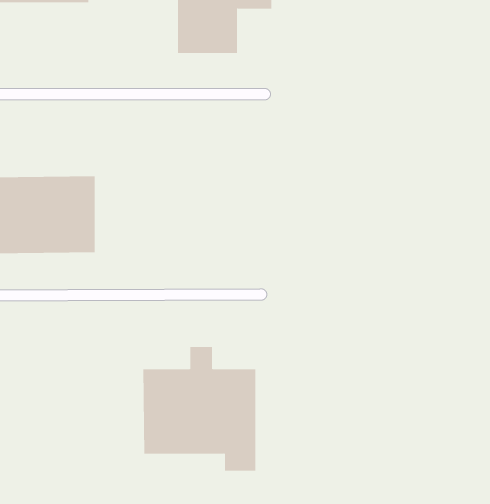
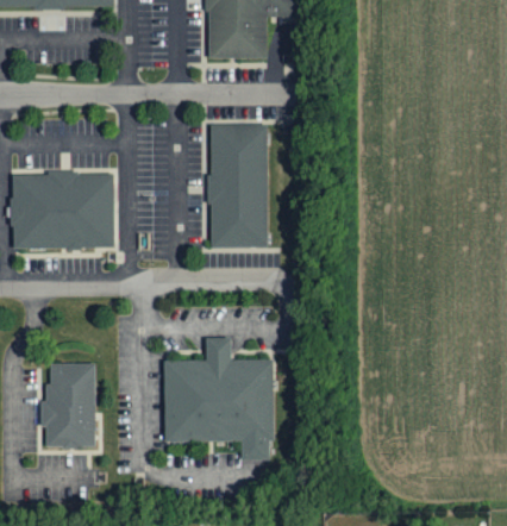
building: none -> [206,123,262,248]
building: none -> [42,364,94,445]

